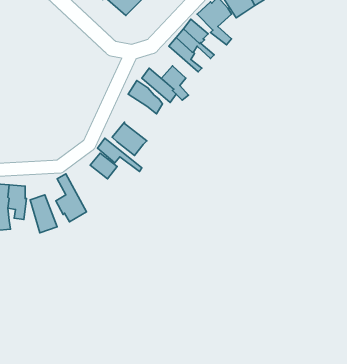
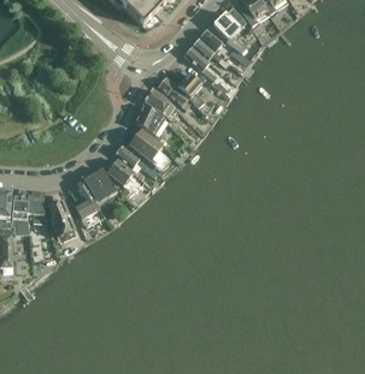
building: none -> [134,101,165,132]
building: none -> [83,165,117,214]

